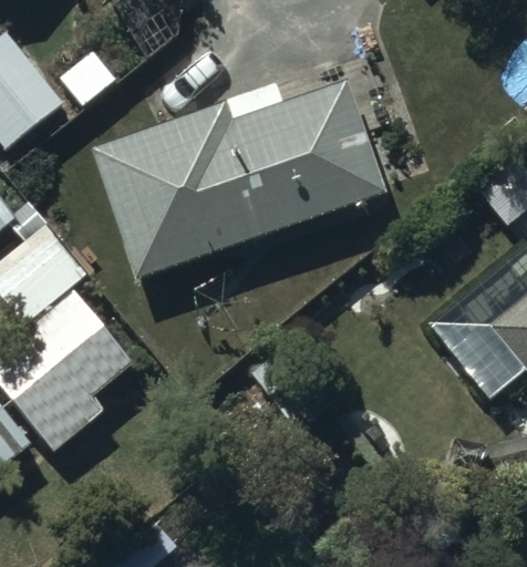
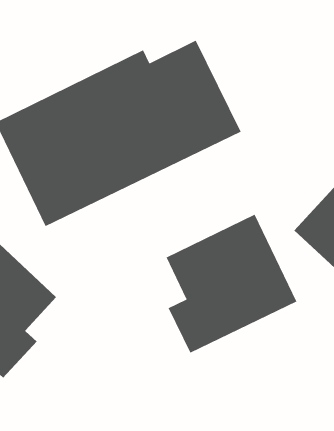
building: none -> [166,214,297,354]

